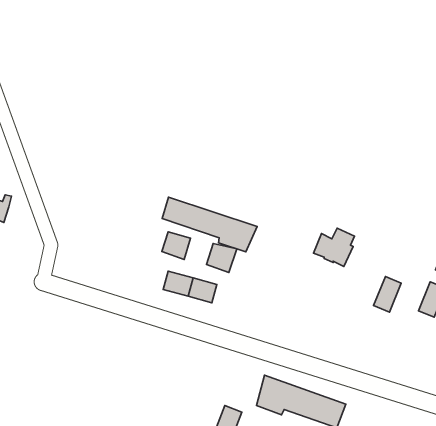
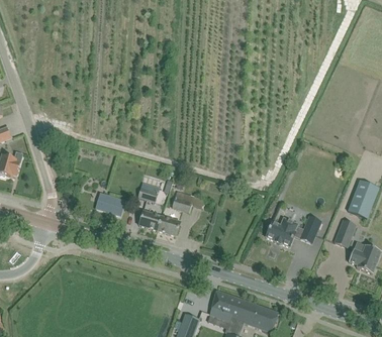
building: [162,197,257,252] -> none
building: [314,228,354,266] -> [265,218,296,247]
building: none -> [95,195,124,216]

